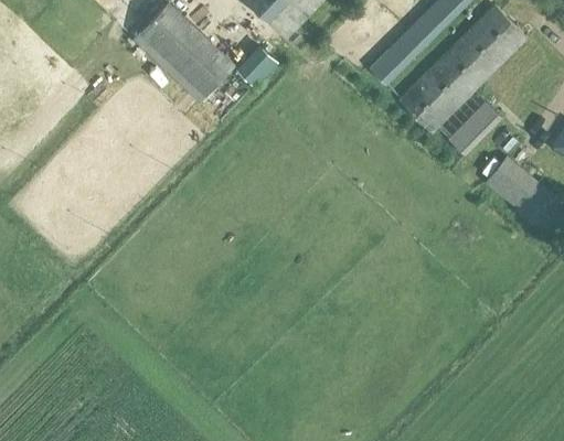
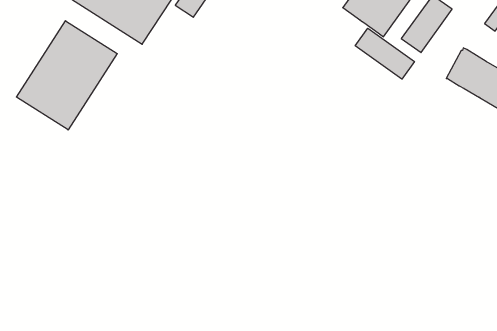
building: none -> [16,21,117,130]
building: none -> [355,28,414,79]

